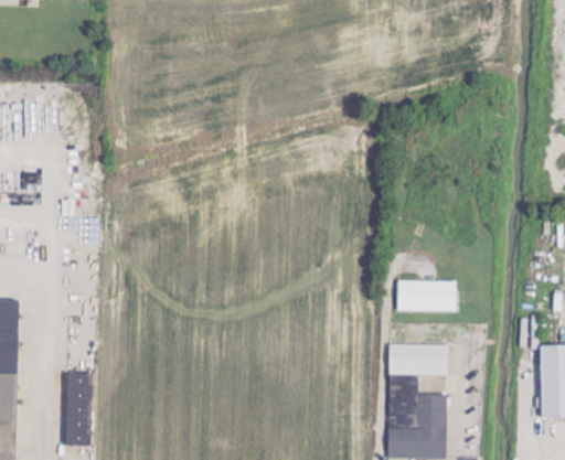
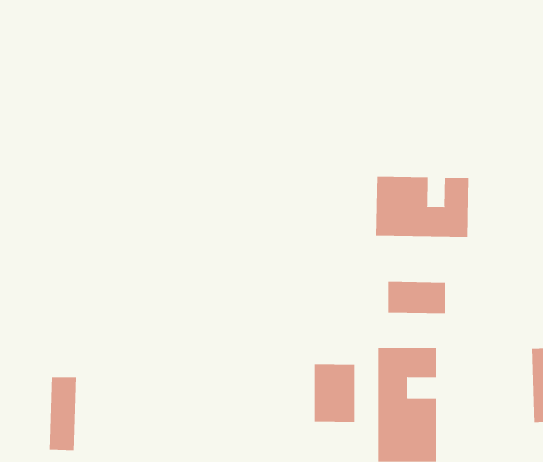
building: none -> [376,176,469,238]
building: none -> [314,364,355,423]

